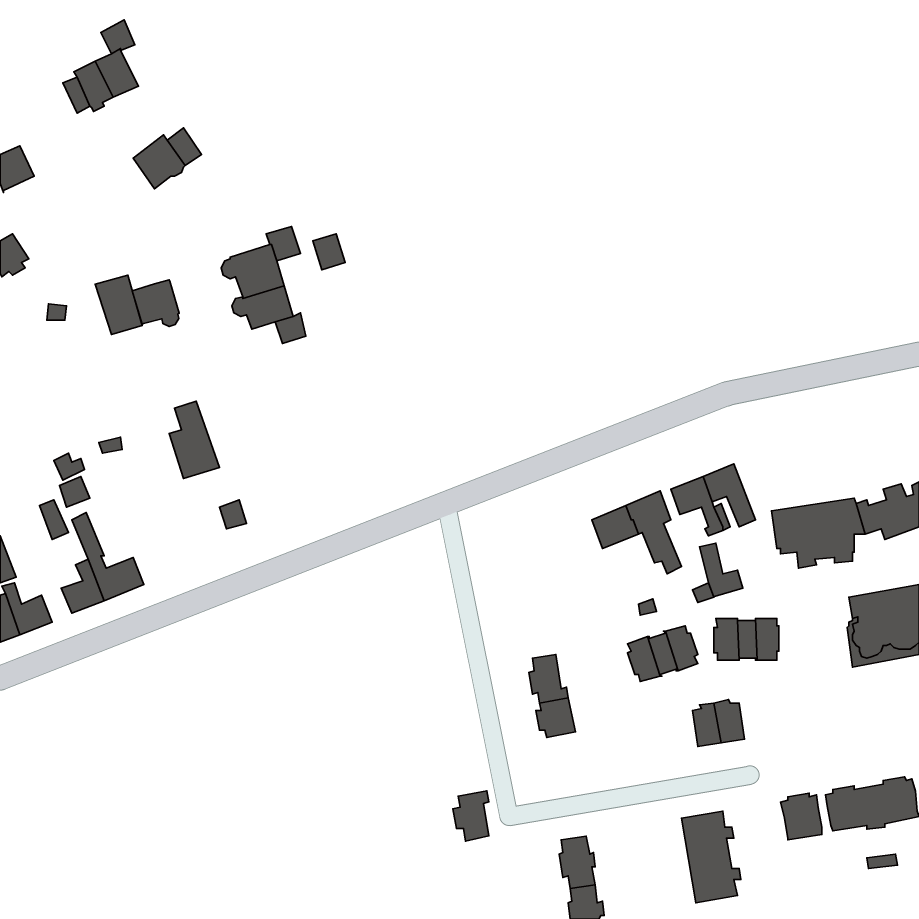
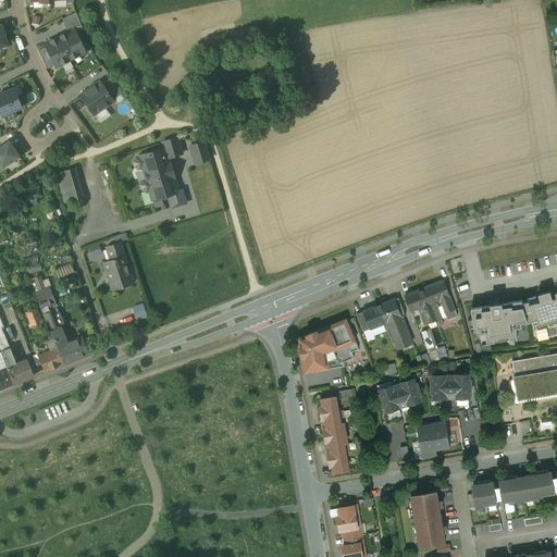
building: [132,280,179,327] -> none
building: none -> [299,321,359,373]
building: [453,791,489,841] -> [327,443,349,473]

